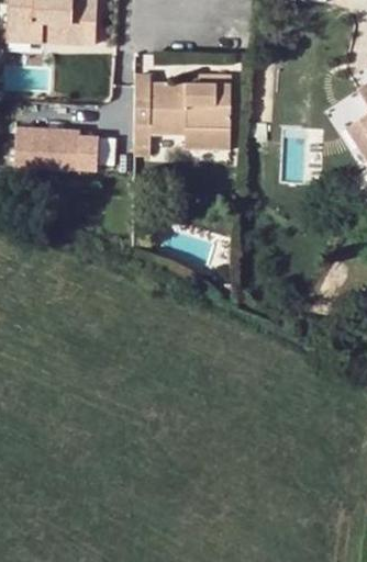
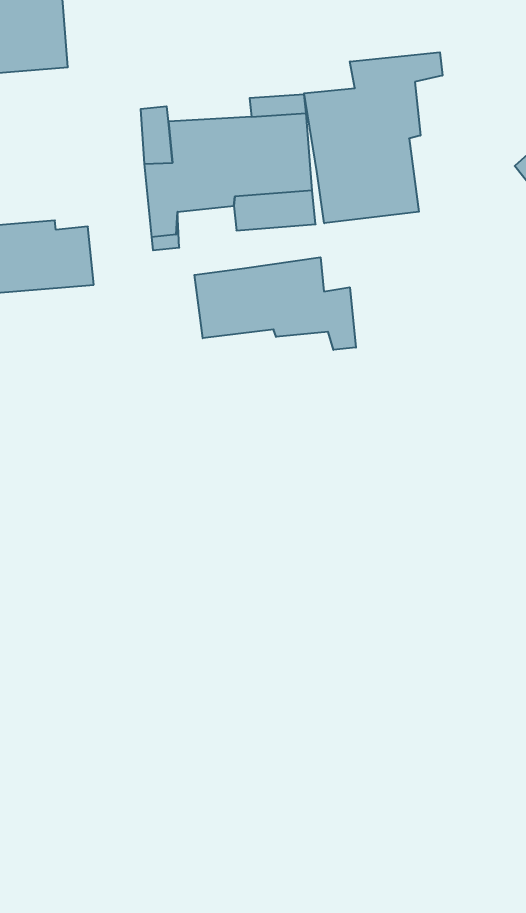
building: none -> [304,52,442,223]
building: none -> [194,257,356,350]

